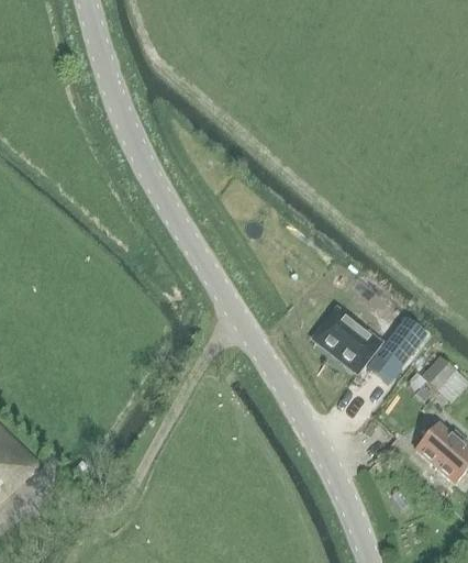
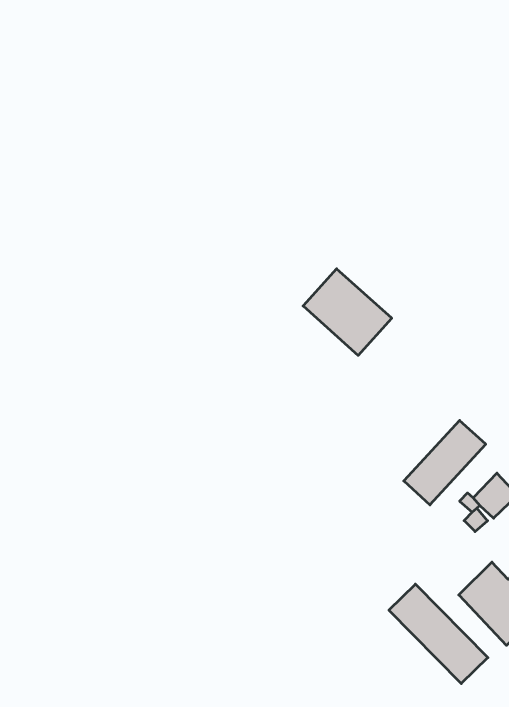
building: [313,309,380,373] -> [303,269,392,355]
building: none -> [389,584,488,684]

